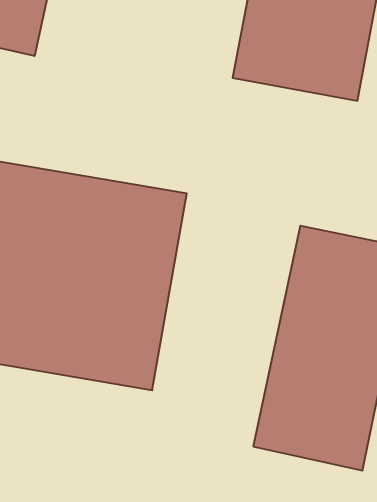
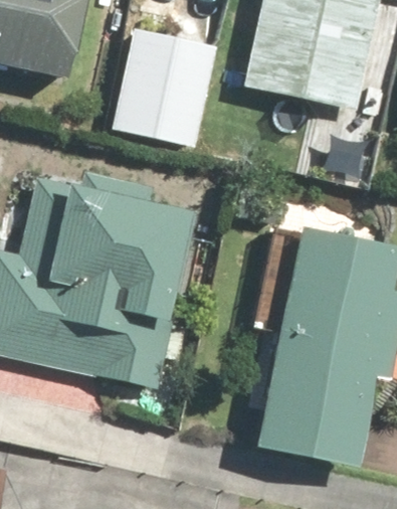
building: none -> [103,27,221,151]

